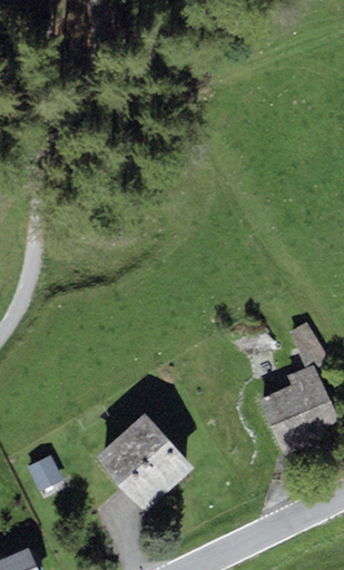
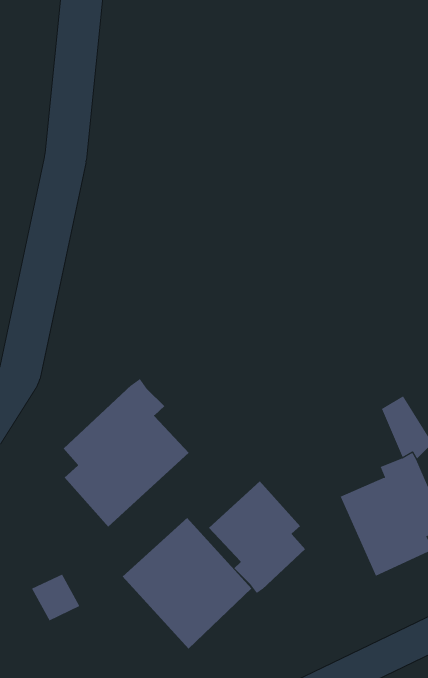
building: none -> [63,378,189,527]
building: none -> [208,480,306,594]

